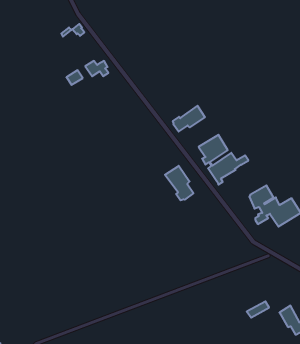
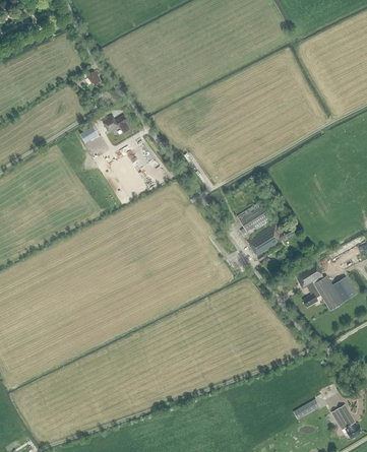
building: [173,106,205,132] -> none
building: [165,166,193,200] -> none

